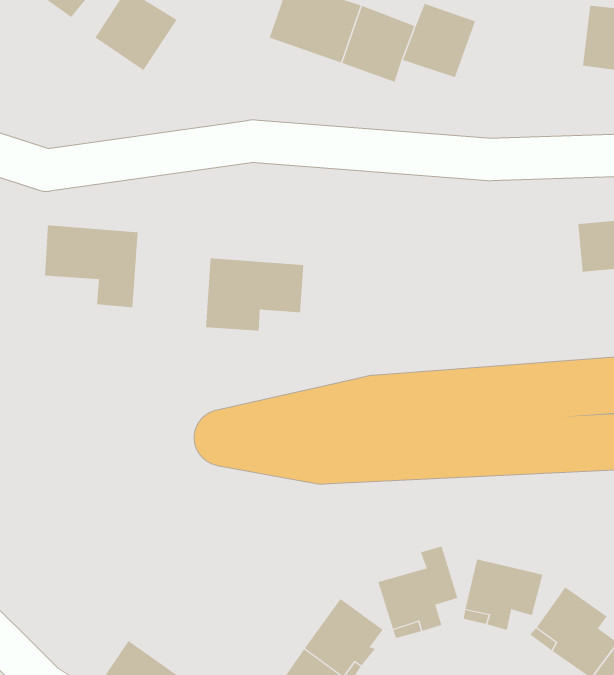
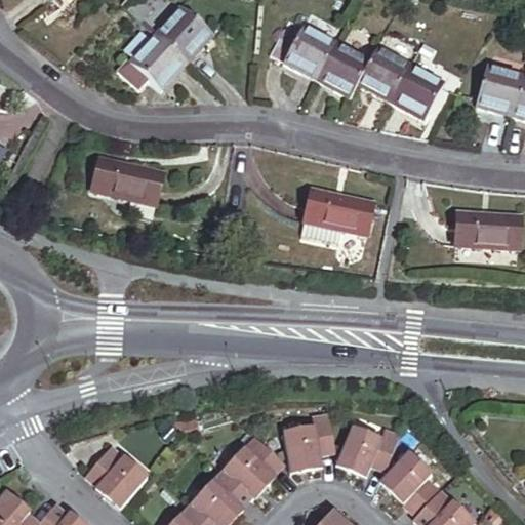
building: none -> [390,64,443,118]
building: none -> [118,35,181,91]
building: [205,258,304,331] -> [299,187,372,241]

